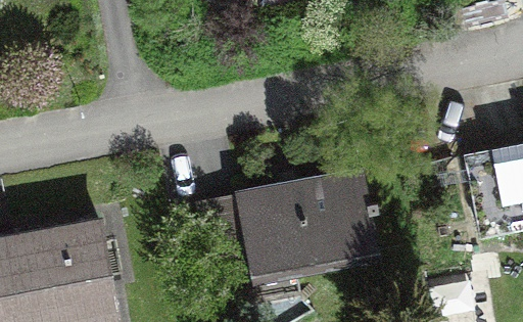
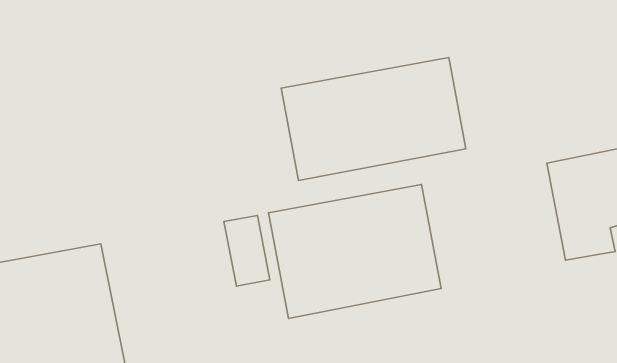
building: none -> [281,57,466,181]

